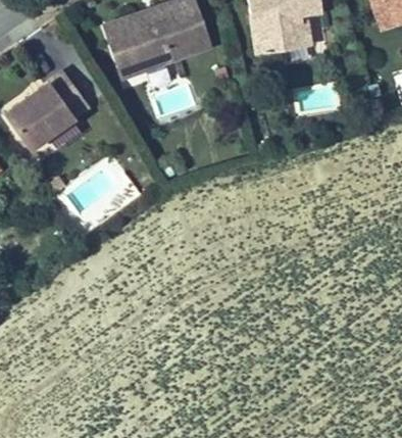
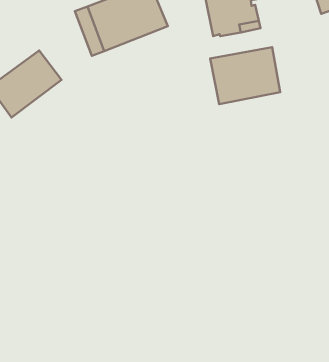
building: none -> [210,47,280,104]

